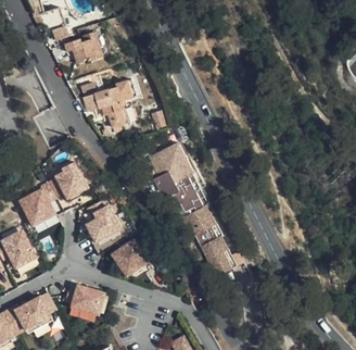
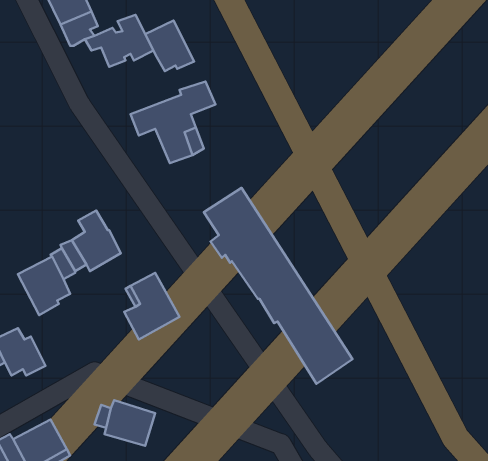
building: none -> [145,20,194,71]
building: [114,238,150,275] -> none

